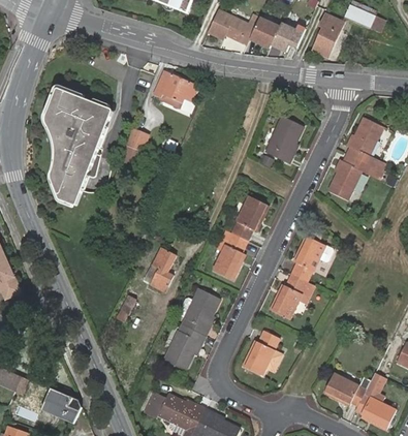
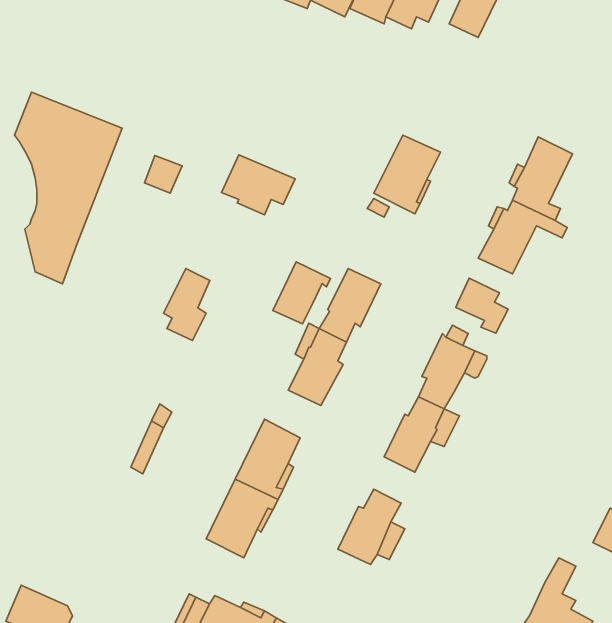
building: [153,71,197,107] -> [222,155,295,215]
building: none -> [273,262,331,324]
building: none -> [456,278,508,333]
building: [147,248,175,291] -> [164,269,210,340]
building: [323,372,370,406] -> none

